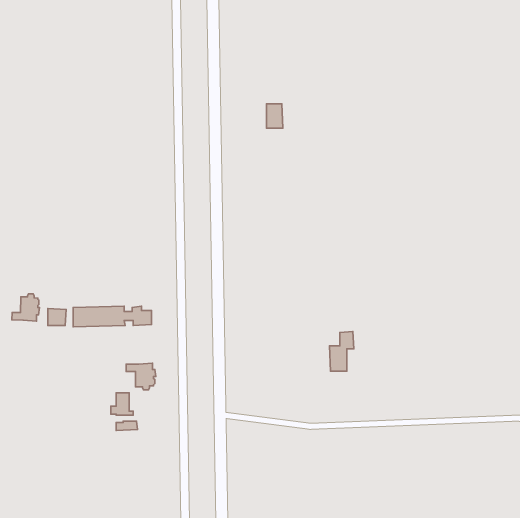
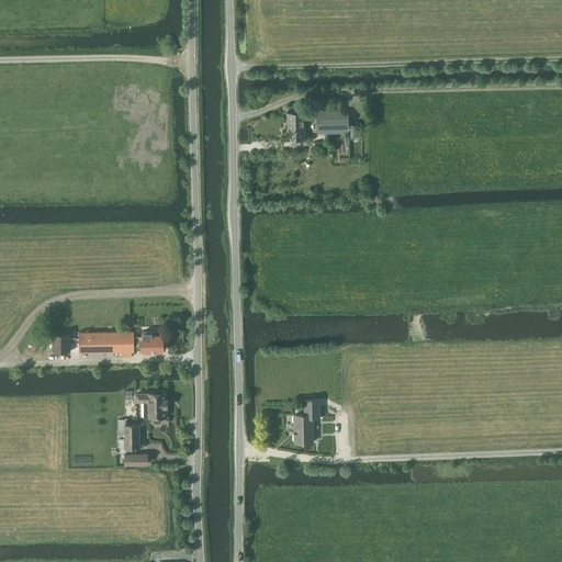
building: none -> [317,113,349,135]
building: [12,294,40,321] -> none
building: [330,332,354,371] -> [294,401,321,443]

